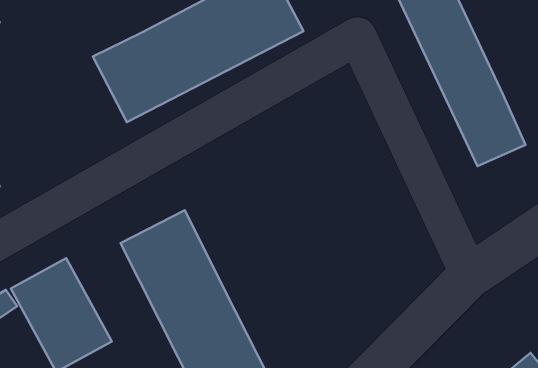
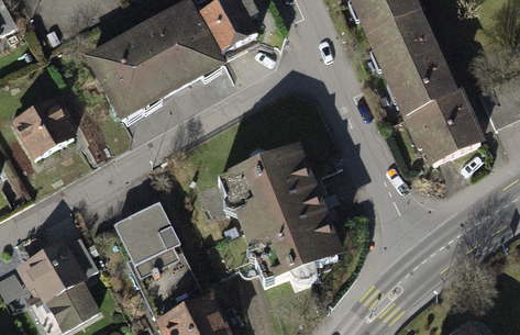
building: none -> [13,96,81,159]
building: none -> [215,150,340,286]

